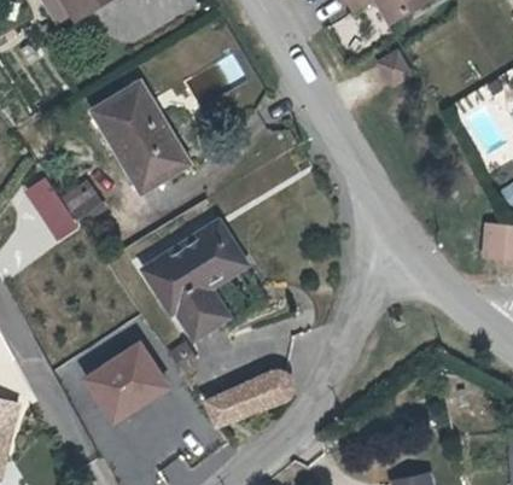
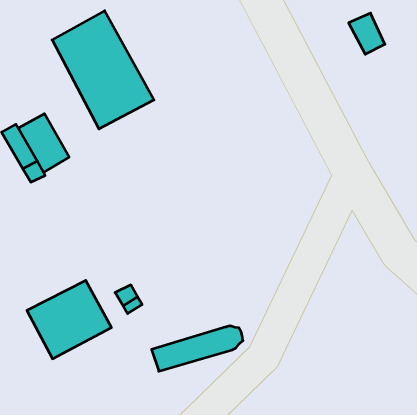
building: [142,220,247,339] -> none

